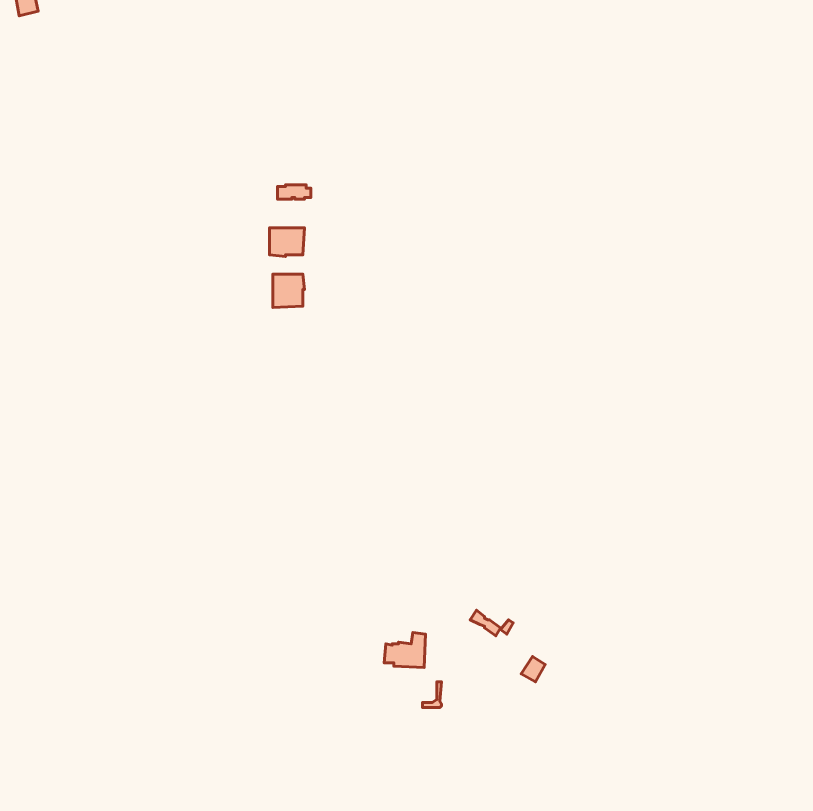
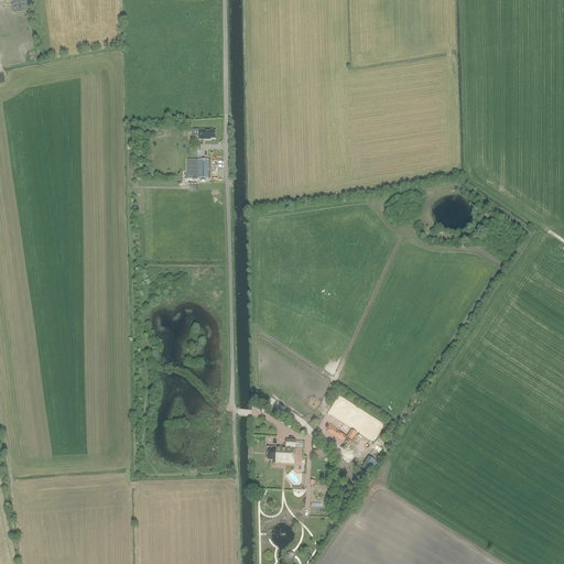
building: [273,274,305,308] -> none

